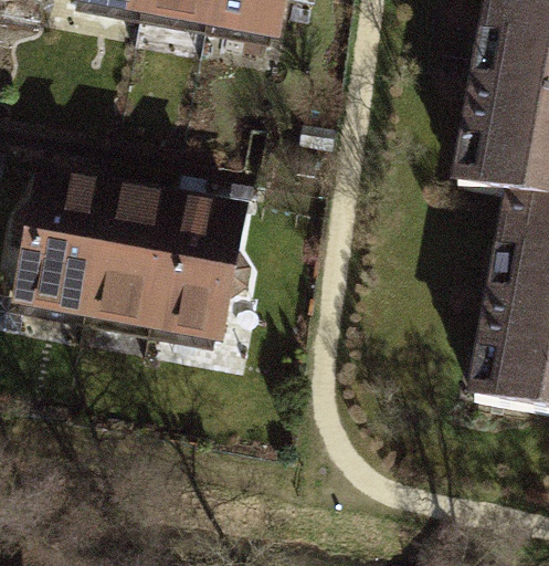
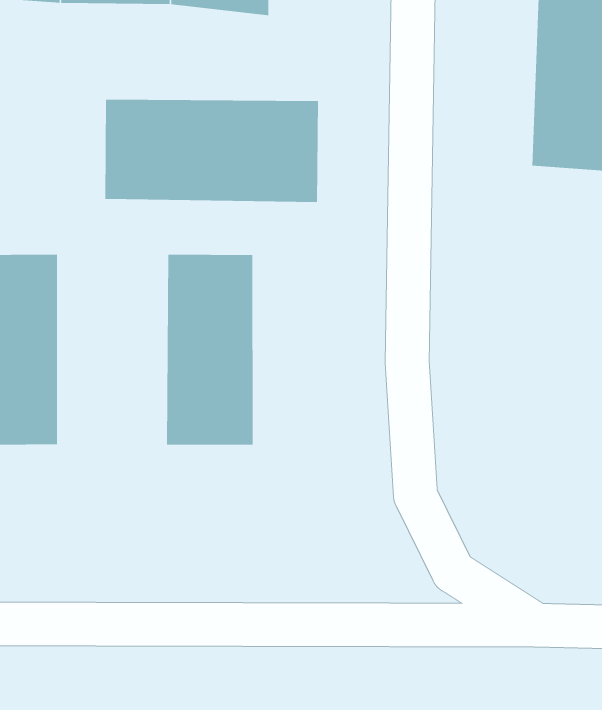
building: none -> [105,99,318,203]
building: [85,184,182,328] -> none

